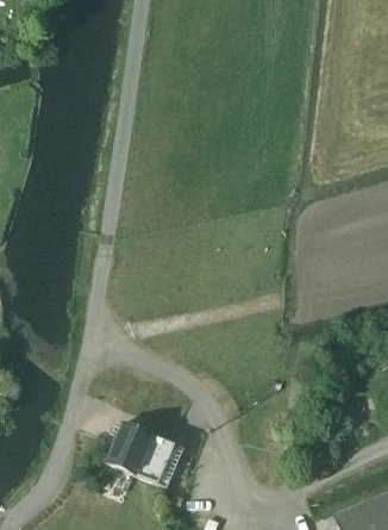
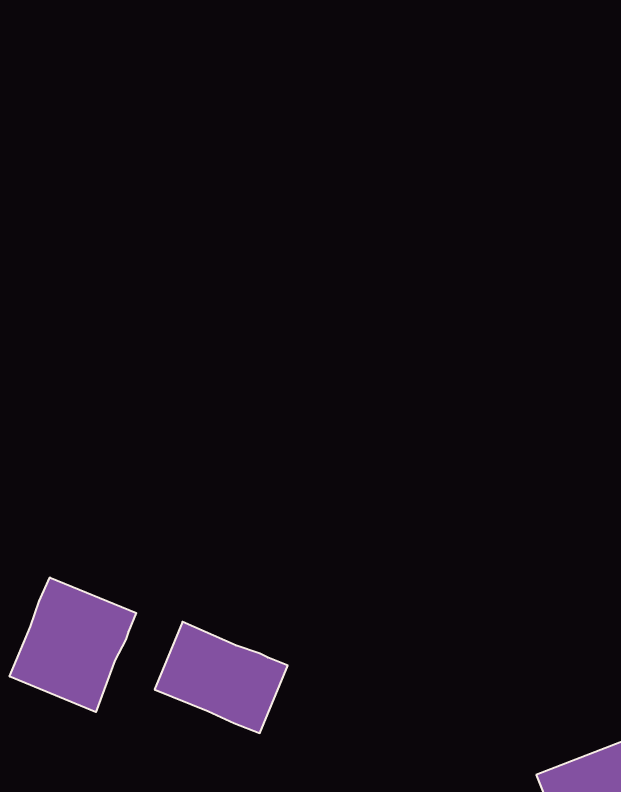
building: none -> [10,577,136,712]

